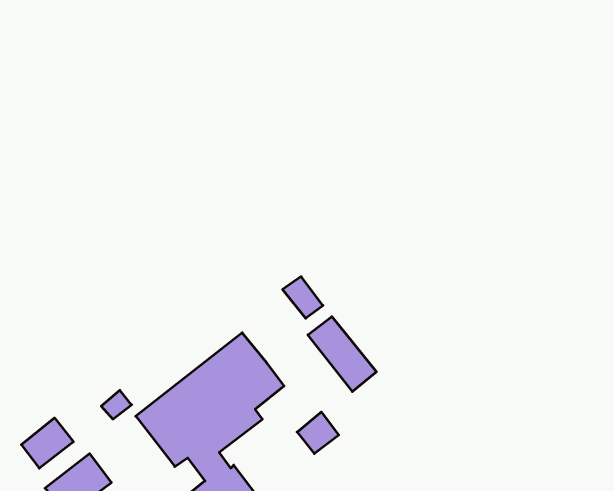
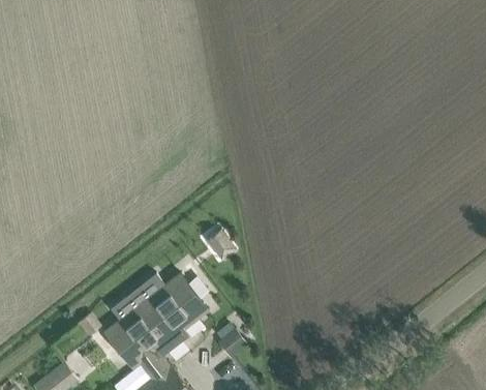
building: [308,317,376,392] -> none
building: [21,418,73,468] -> none

